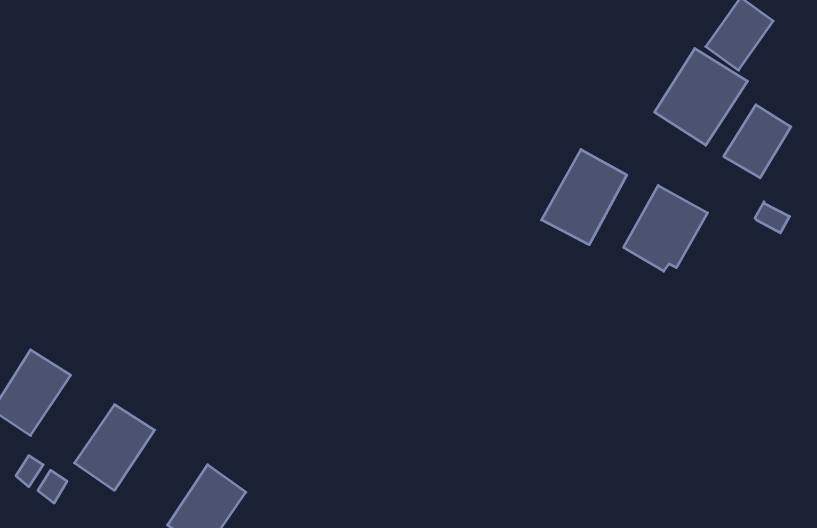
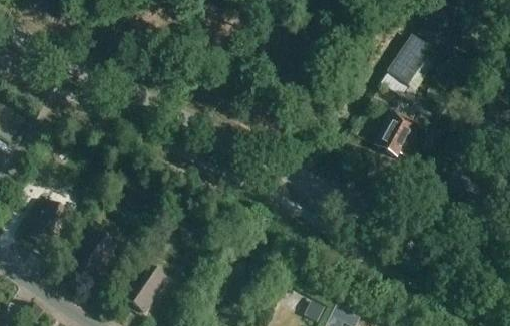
building: [724,105,791,178] -> none
building: [541,149,627,245] -> none

